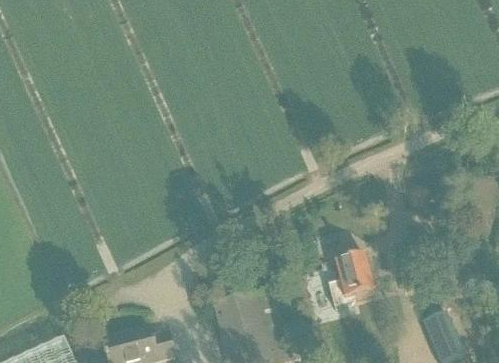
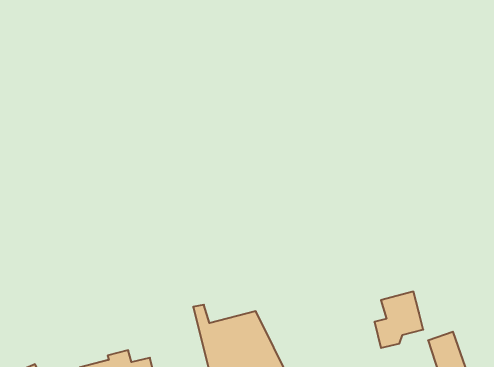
building: [331,259,376,311] -> [374,292,423,348]

